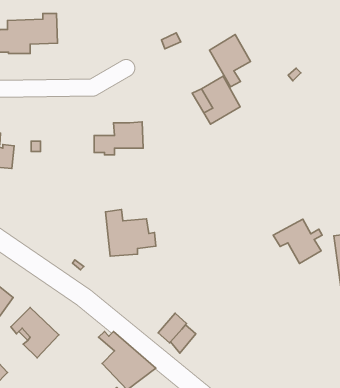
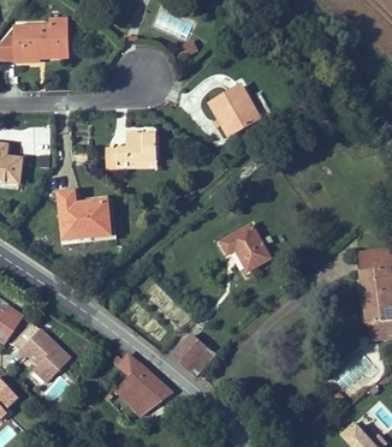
building: [209,35,250,87] -> none
building: [106,210,156,256] -> [58,190,111,239]
building: [273,219,322,264] -> [220,224,272,270]

